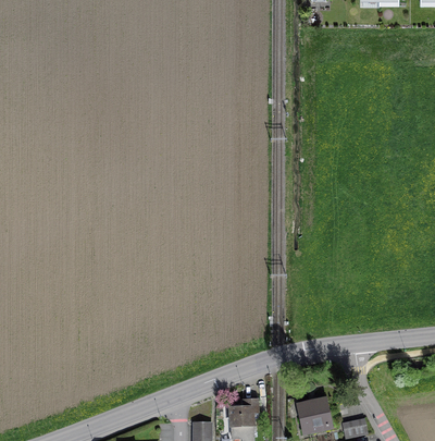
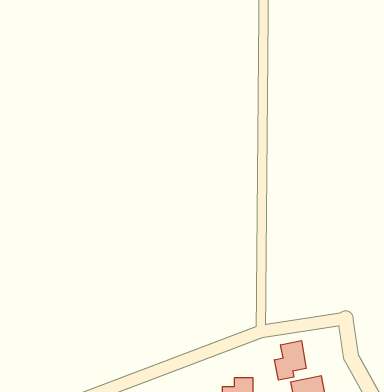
building: none -> [274,341,306,380]

